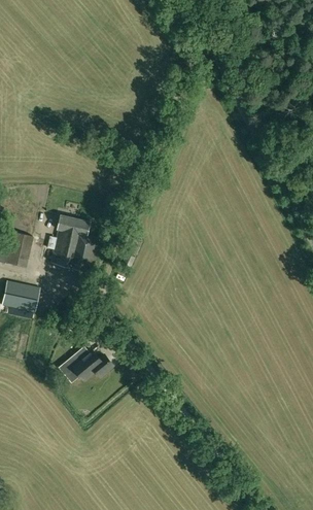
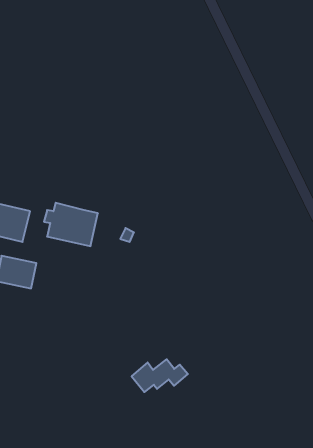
building: [57,214,90,236] -> none
building: [59,350,113,382] -> [132,359,188,392]

